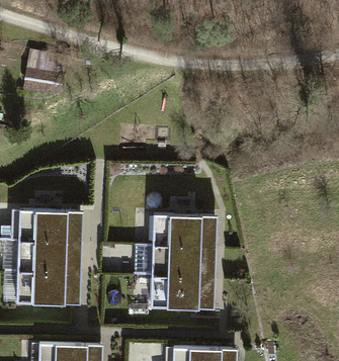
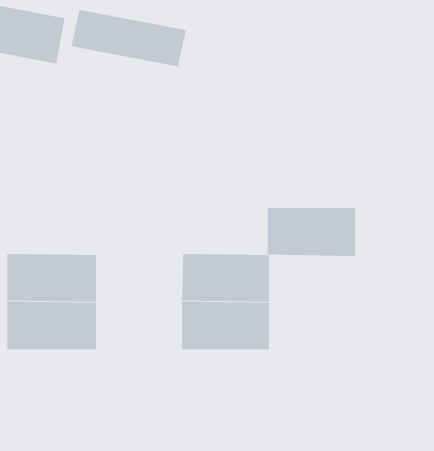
building: none -> [71,9,186,67]
building: [24,276,86,309] -> none
building: [144,276,204,309] -> [267,208,356,256]

